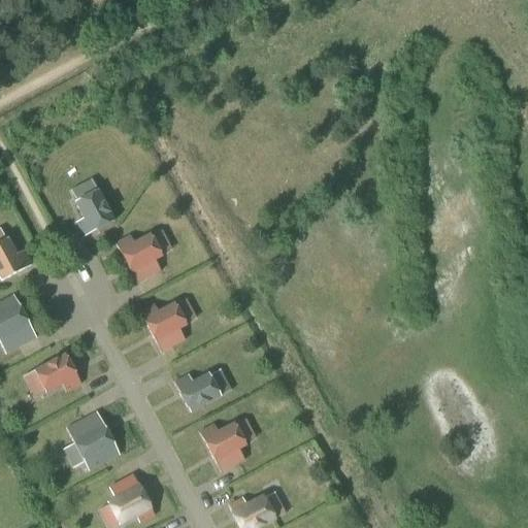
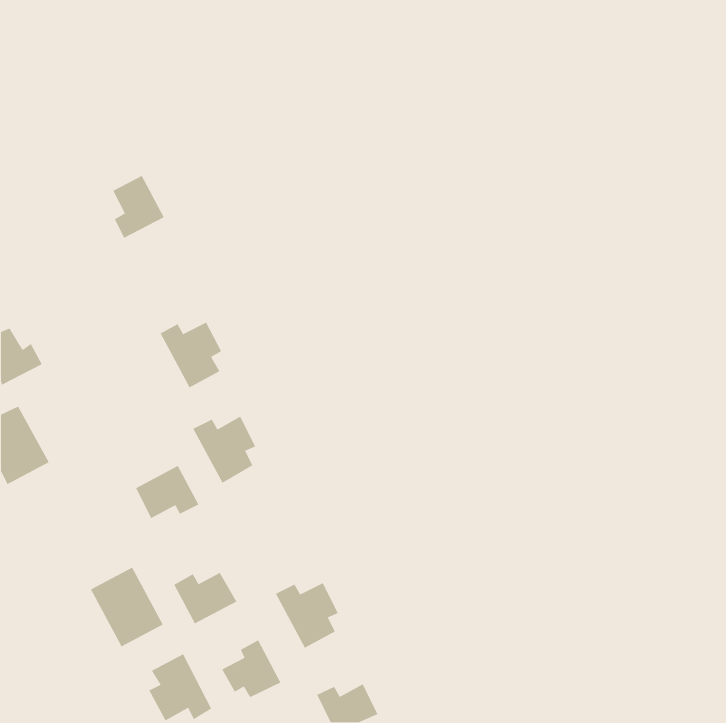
building: [76,189,114,235] -> [112,175,165,239]
building: [35,353,81,392] -> [135,465,199,519]
building: [174,372,221,410] -> [173,572,237,624]
building: none -> [221,639,281,698]

